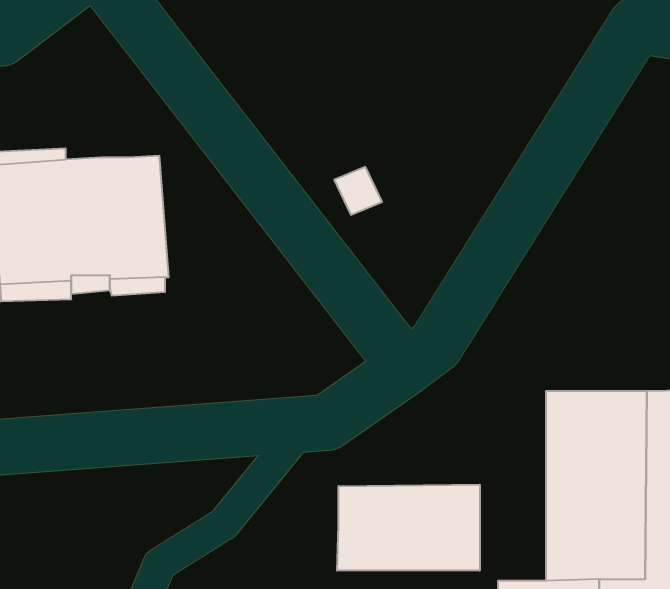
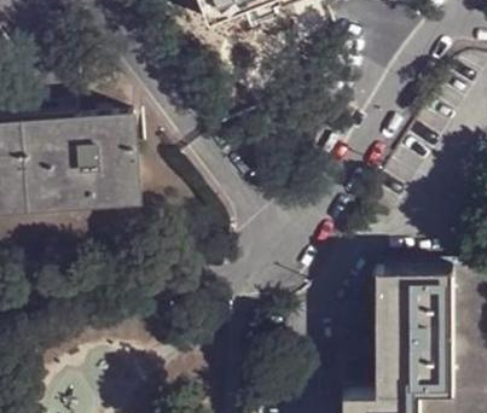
building: [337,485,480,571] -> none

